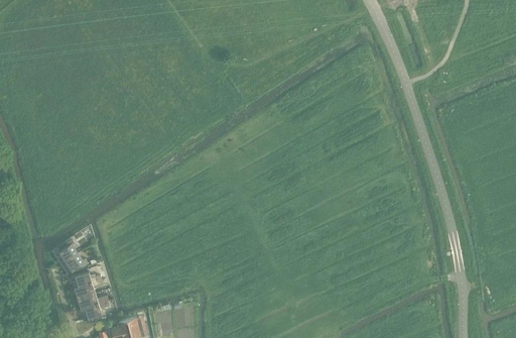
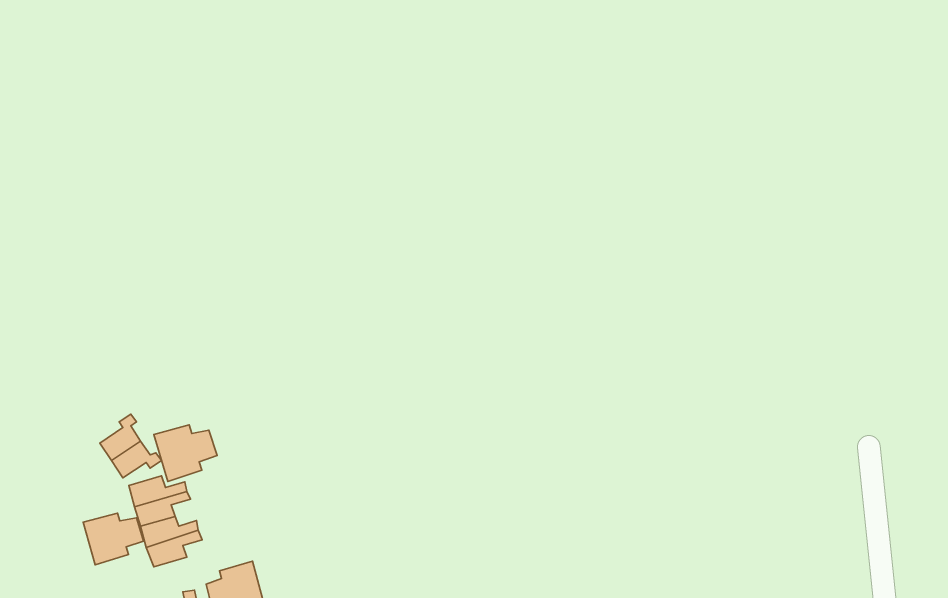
building: none -> [154,425,217,482]
building: none -> [83,513,143,565]

